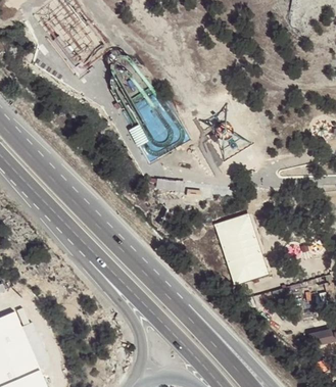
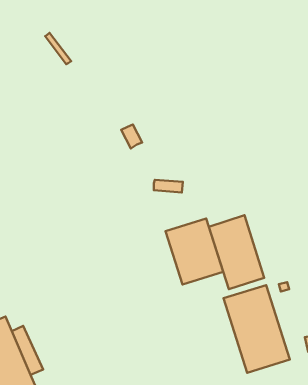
building: none -> [166,218,223,285]
building: none -> [224,285,290,373]

